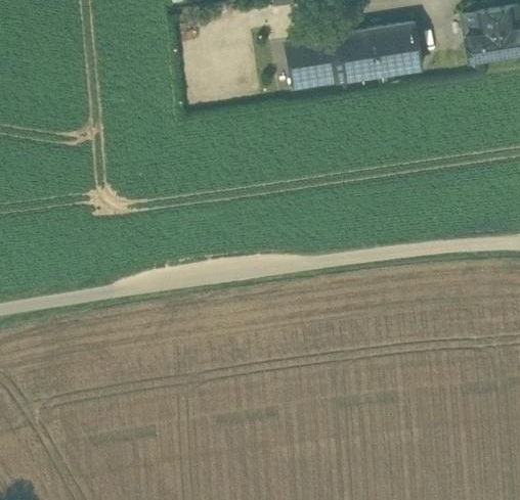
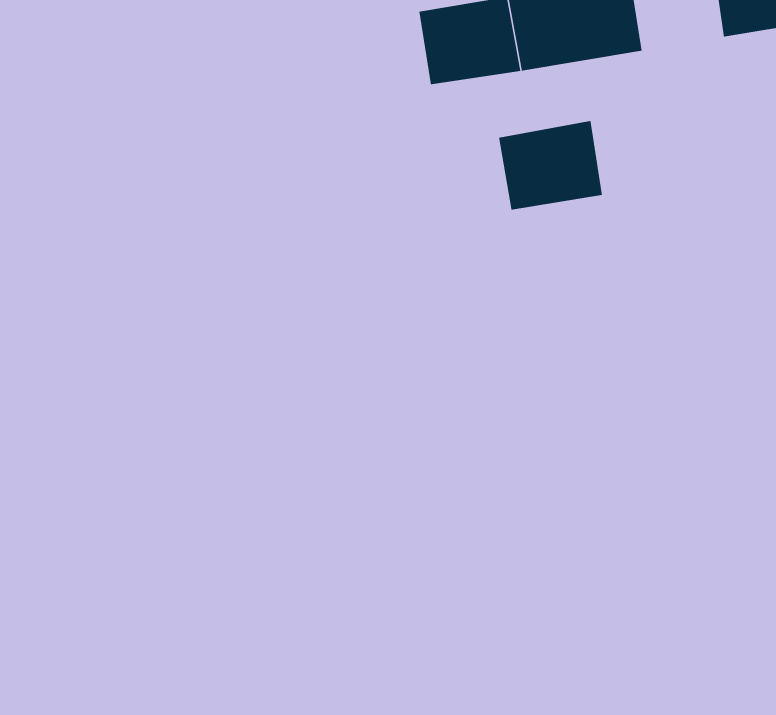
building: none -> [499,120,603,210]

